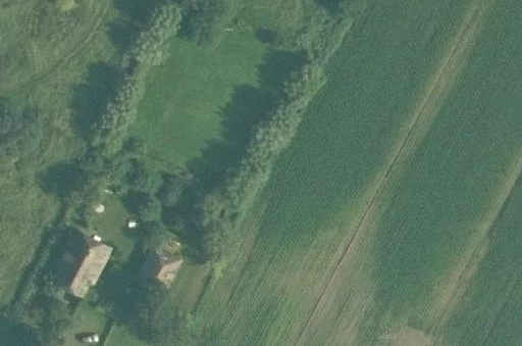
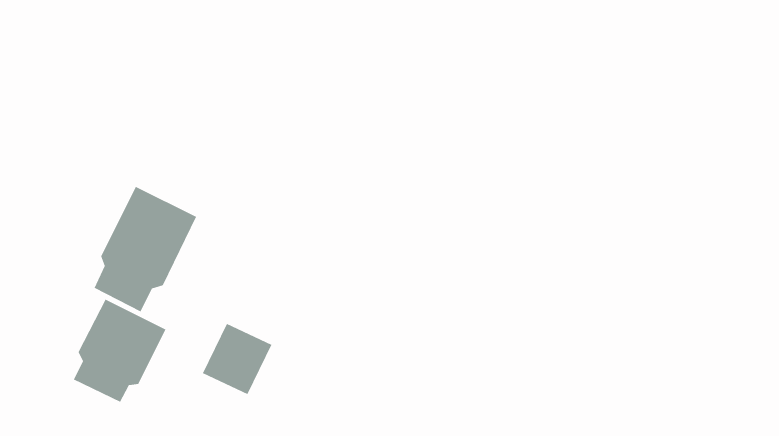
building: none -> [94,186,197,313]

